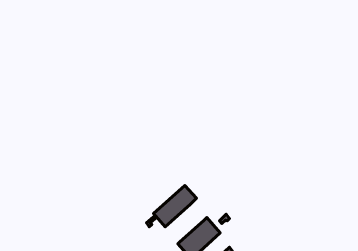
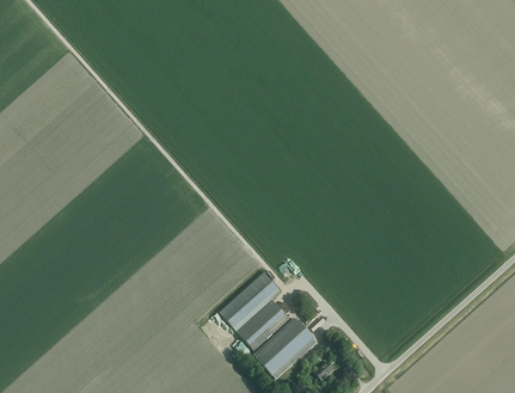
building: none -> [237,299,292,352]

